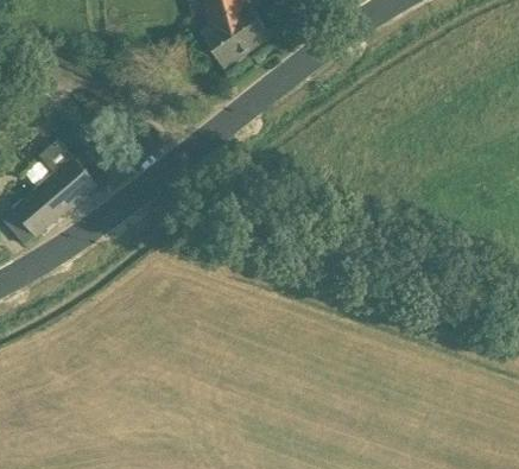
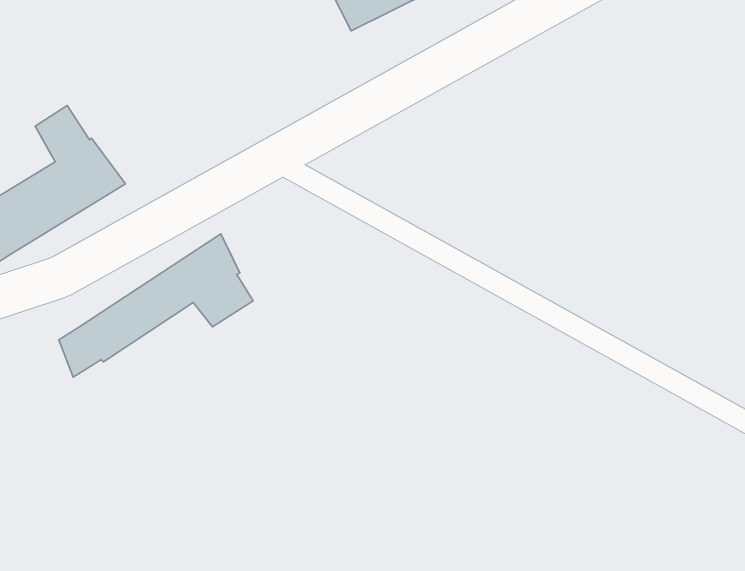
building: none -> [59,234,253,377]

